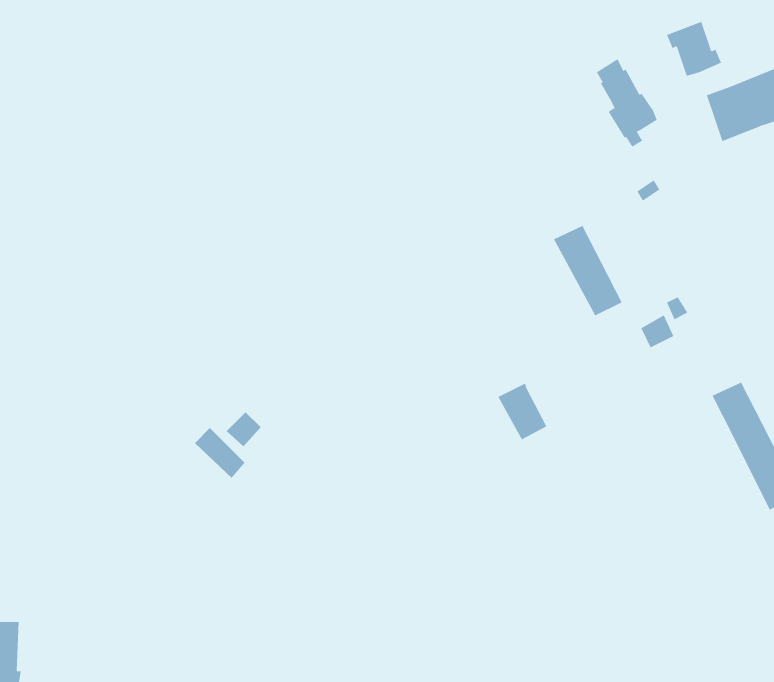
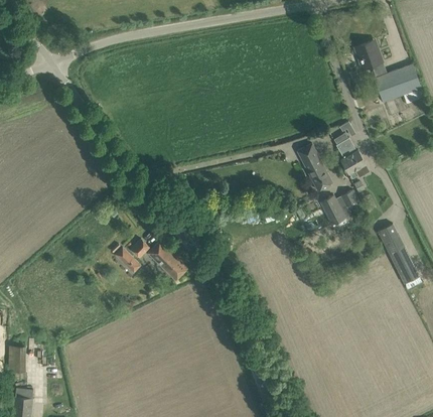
building: [596,58,658,148] -> [334,133,366,178]
building: [498,383,547,440] -> [320,195,345,225]
building: none -> [148,241,187,280]

